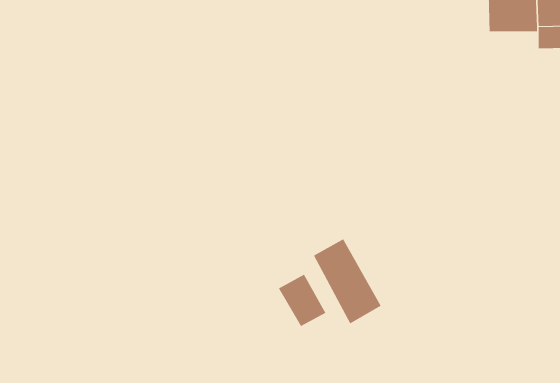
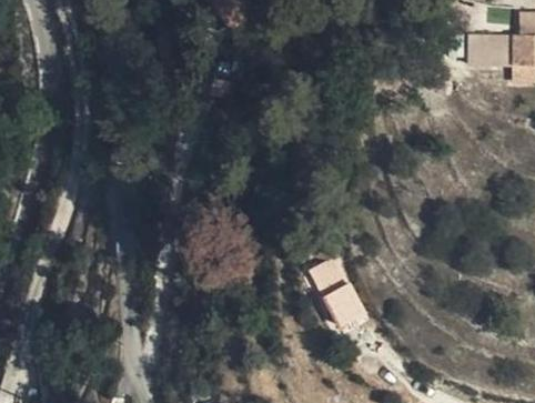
building: [278,274,326,327] -> none

